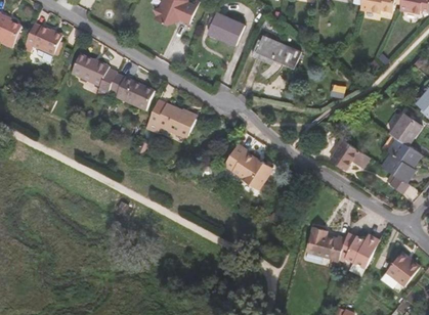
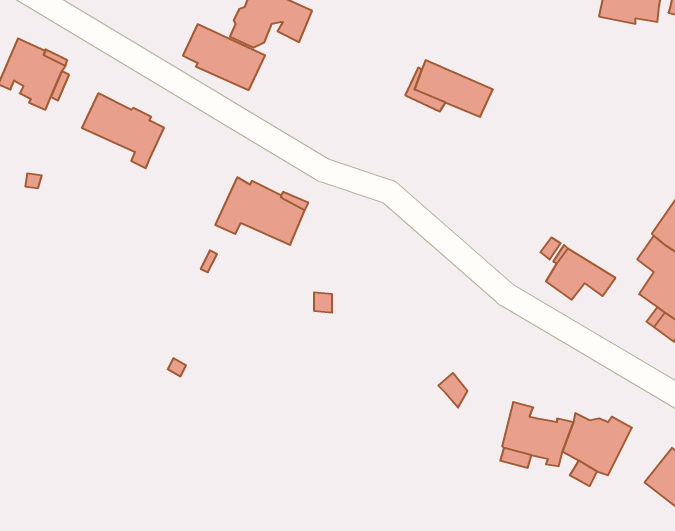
building: [207,12,245,45] -> none
building: [108,73,154,109] -> [183,24,265,90]
building: [223,144,271,189] -> none

